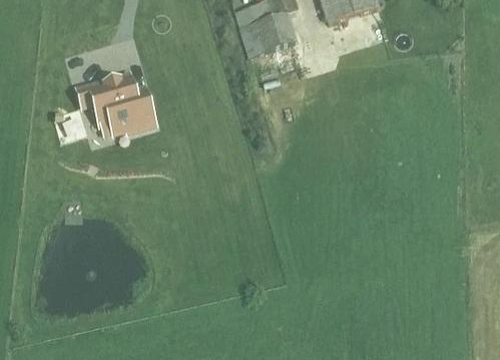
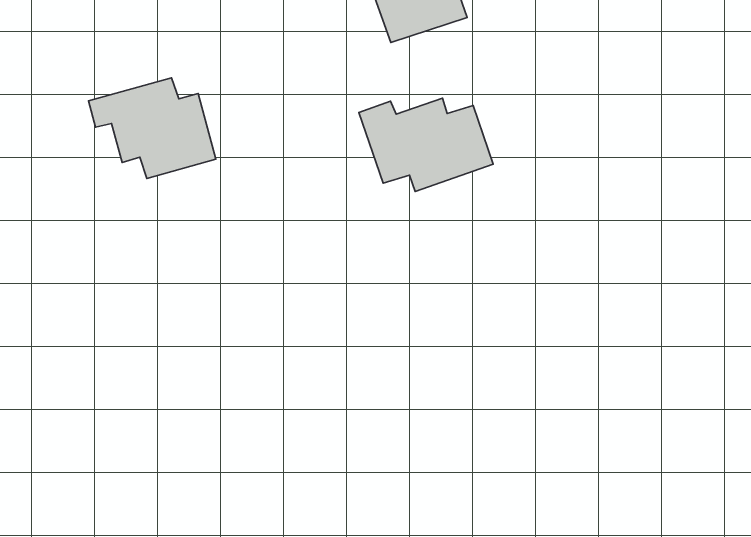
building: none -> [359,98,493,192]

